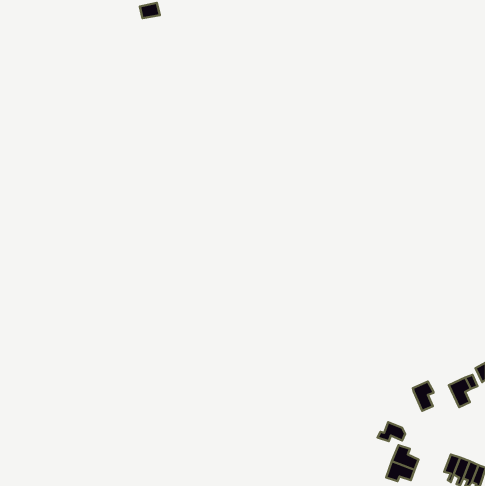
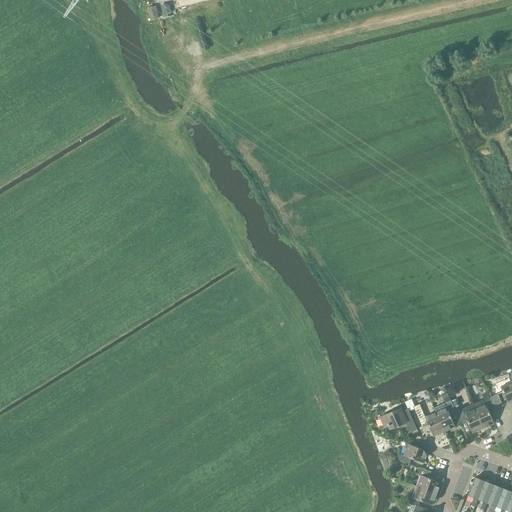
building: none -> [414,404,445,436]
building: none -> [457,405,484,433]
building: none -> [381,408,418,433]

